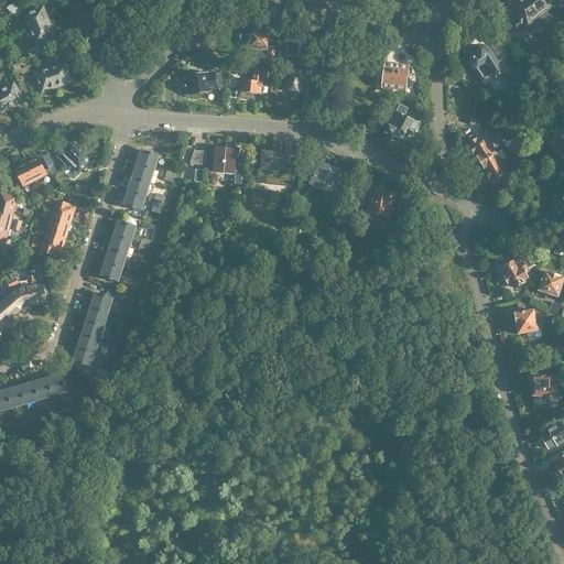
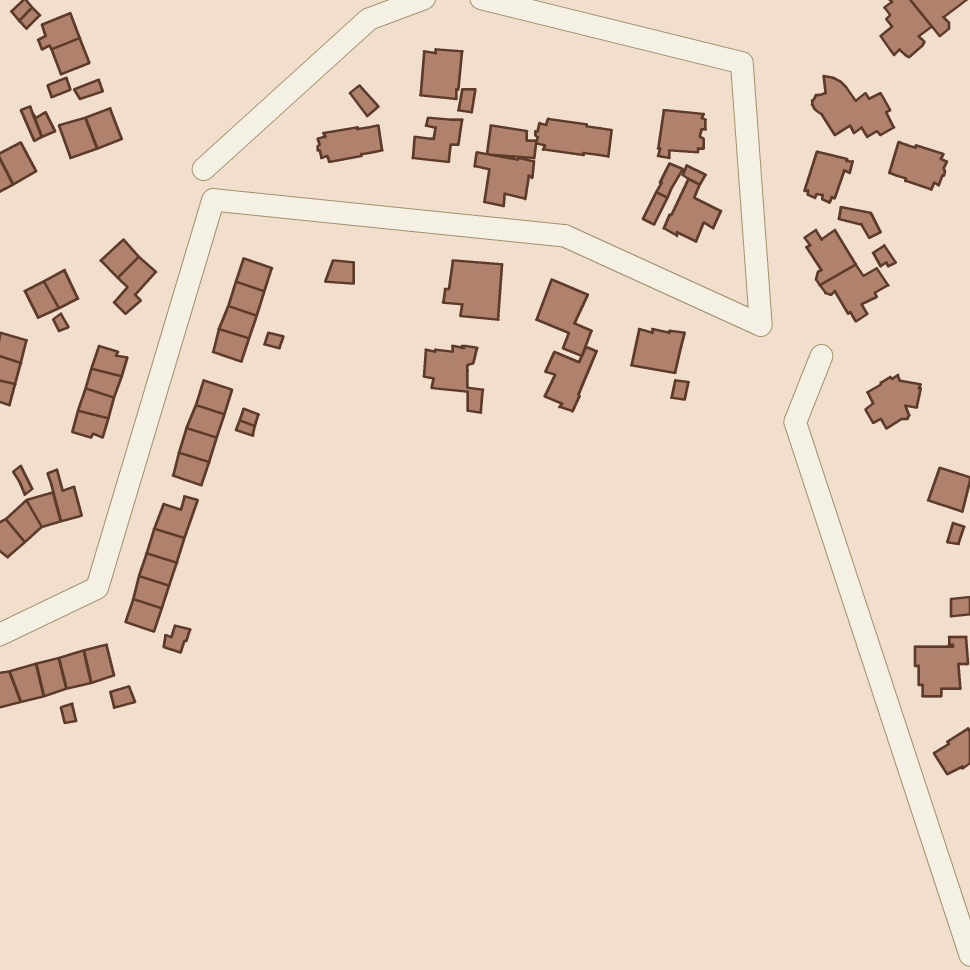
building: none -> [535,119,611,157]
building: none -> [889,142,947,190]
building: none -> [805,152,853,203]
building: none -> [475,152,534,206]
building: [208,145,242,184] -> [424,346,483,413]
building: none -> [545,347,597,411]
building: [502,257,534,288] -> [866,375,921,428]
building: [513,310,542,339] -> none

